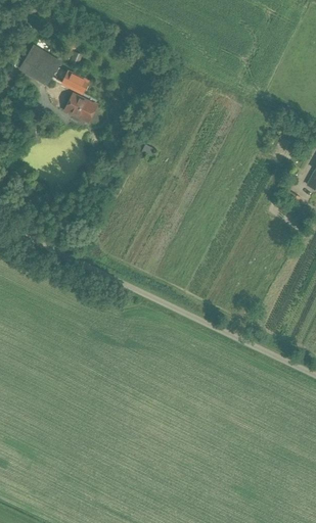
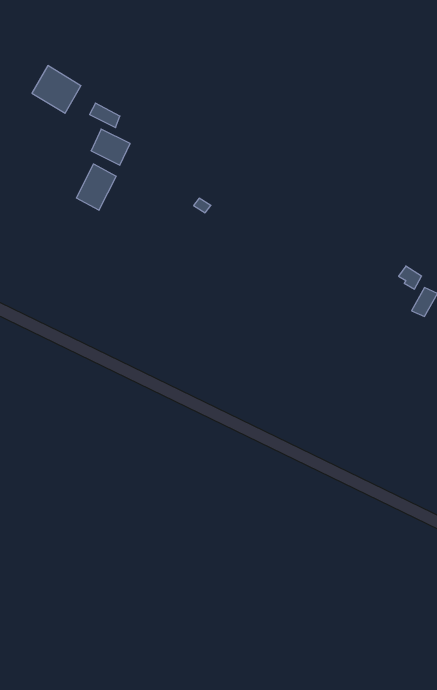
building: none -> [76,164,116,210]

